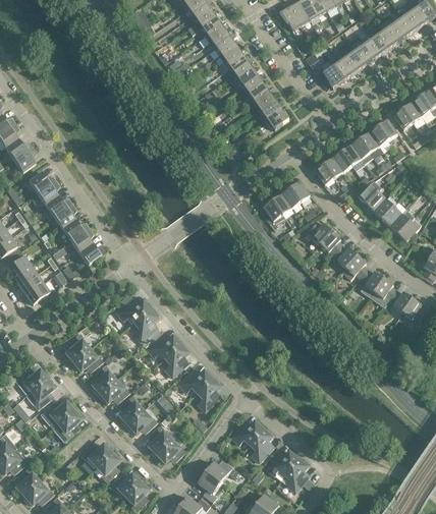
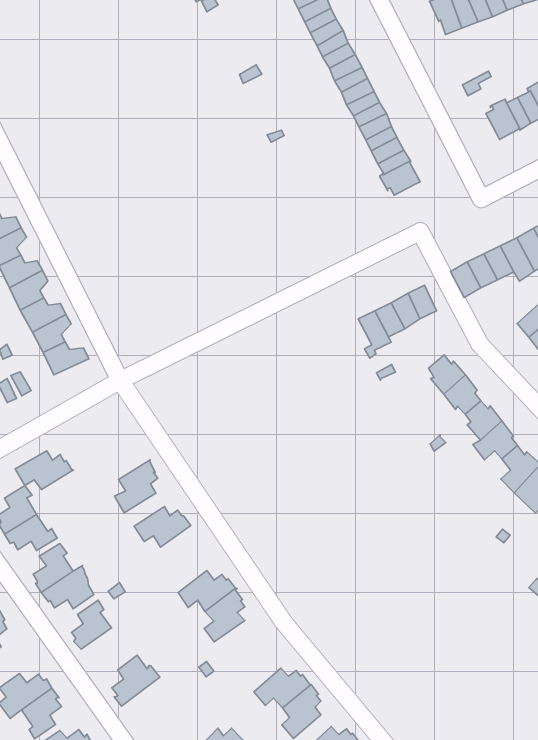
building: [116,297,151,321] -> [15,451,73,490]
building: [164,342,187,376] -> none
building: [125,409,157,433] -> none
building: [154,435,185,462] -> none

